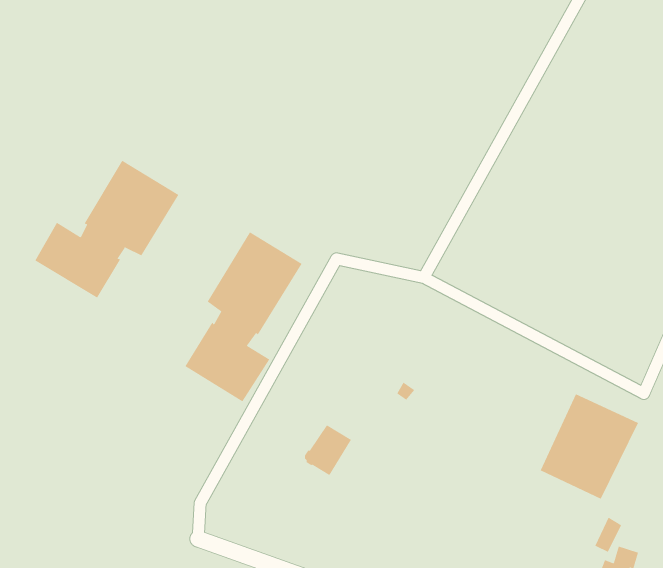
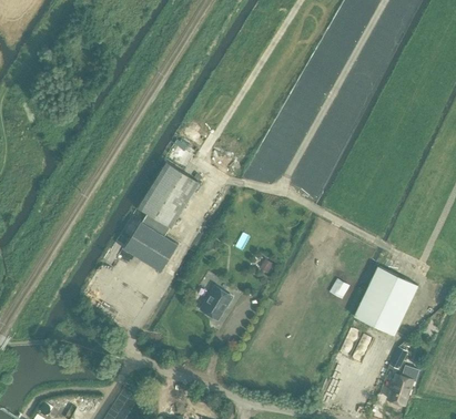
building: [34,160,179,299] -> none

